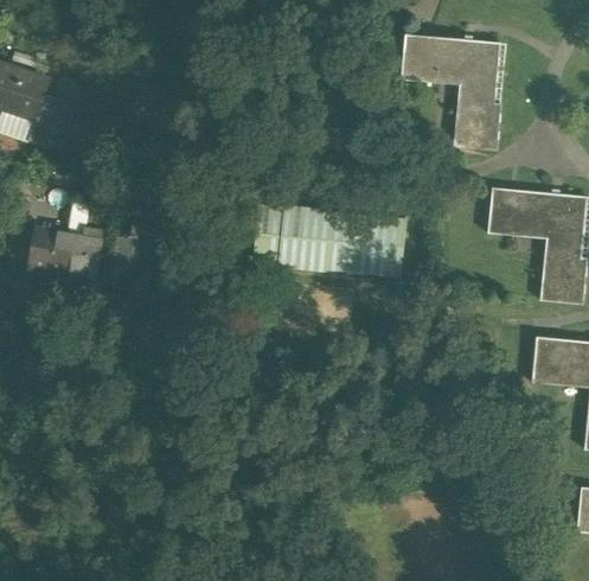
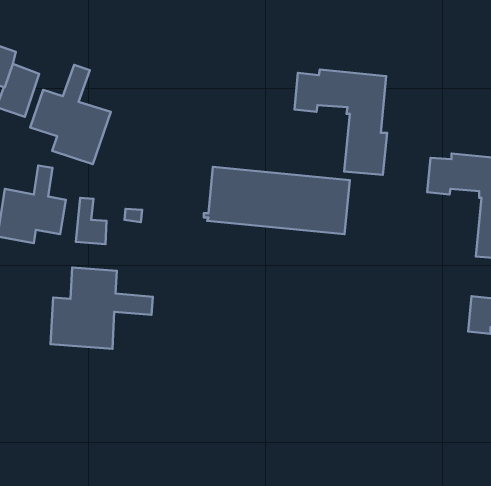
building: [401,36,500,148] -> [294,70,387,175]
building: none -> [30,65,111,164]
building: none -> [50,268,153,349]

